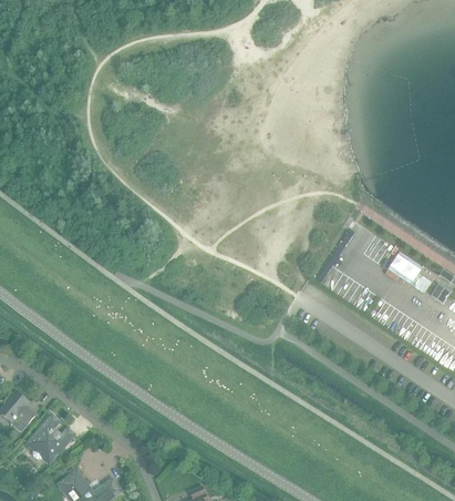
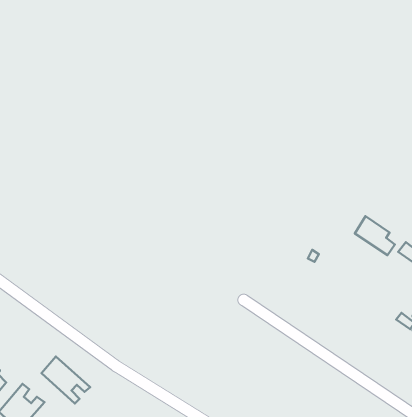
building: none -> [41,357,90,403]

